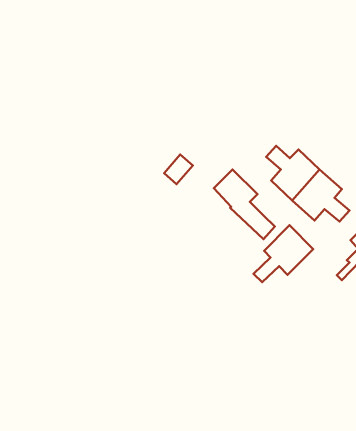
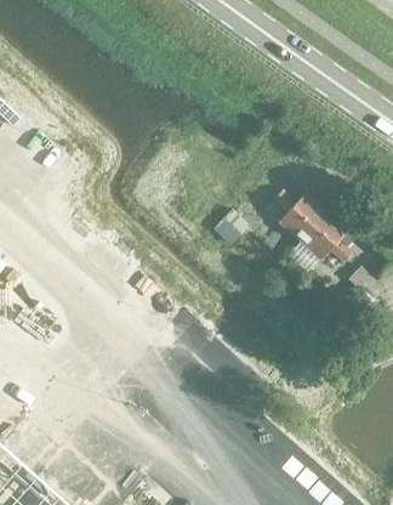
building: [254,225,313,282] -> none

